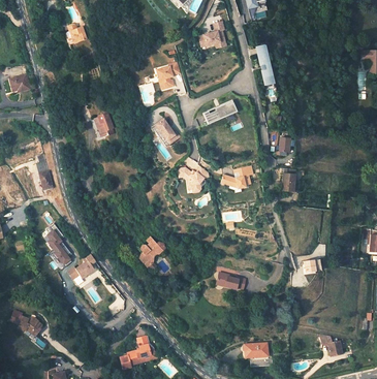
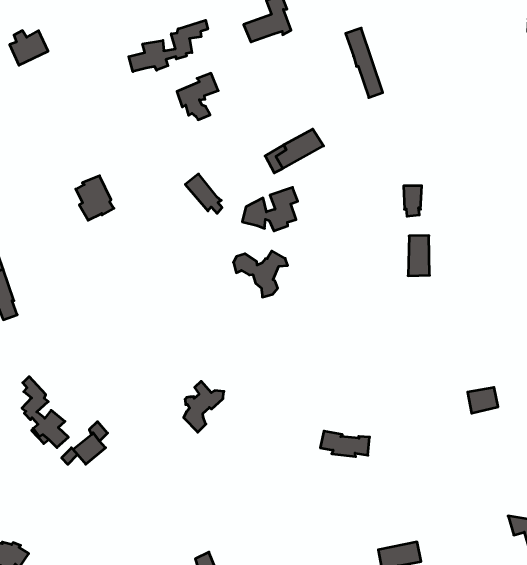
building: none -> [129,20,208,72]
building: [220,166,253,190] -> [242,187,298,231]

